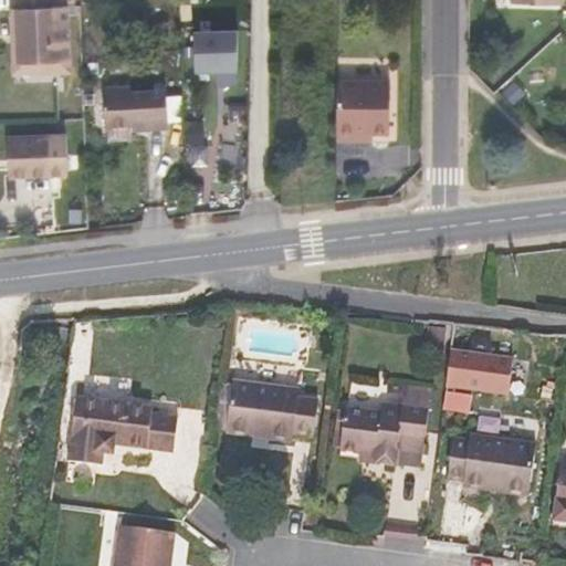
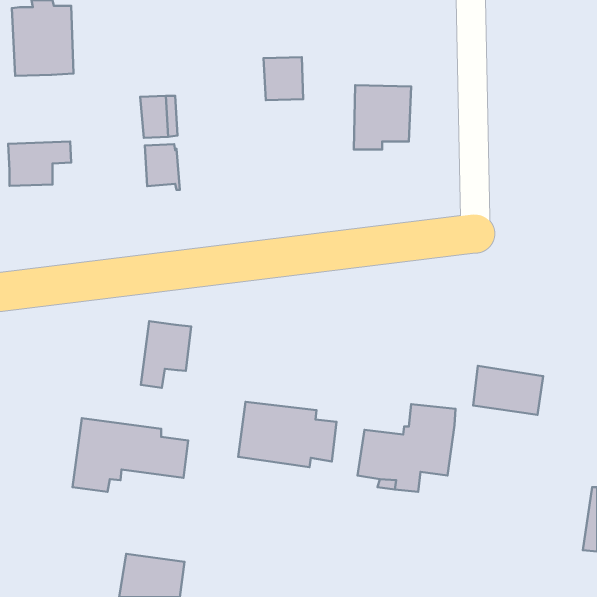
building: [195,31,232,72] -> [263,57,303,100]
building: [103,87,136,130] -> [145,144,180,190]
building: none -> [141,321,191,388]
building: [447,433,536,495] -> none

